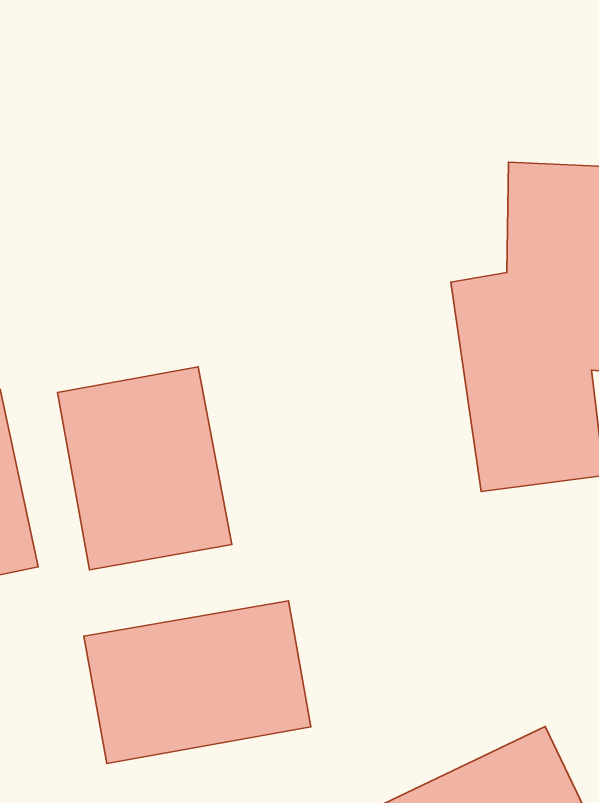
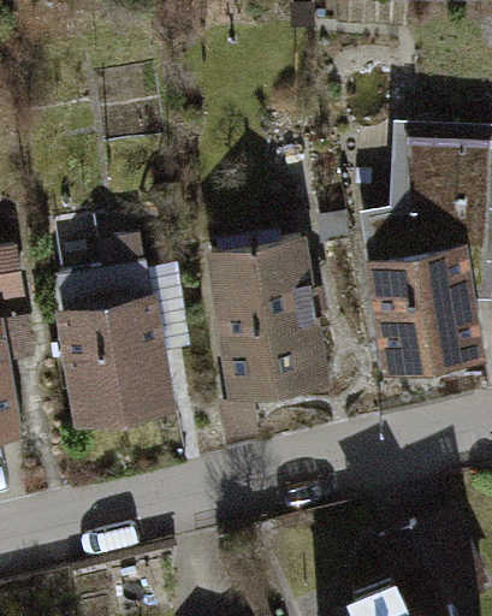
building: none -> [202,239,325,399]
building: [84,601,311,764] -> none

